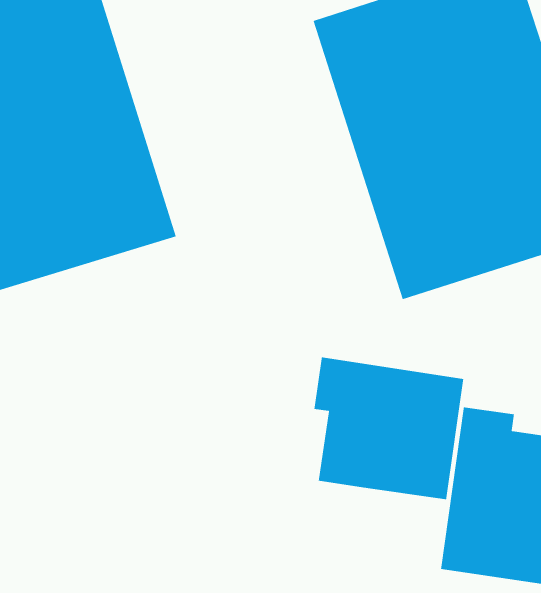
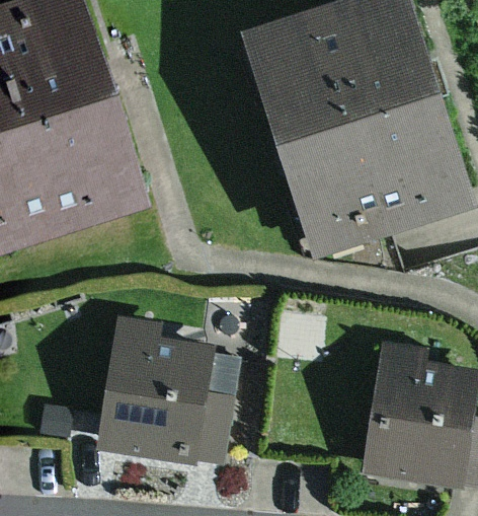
building: [314,357,464,500] -> none
building: none -> [93,317,231,464]

